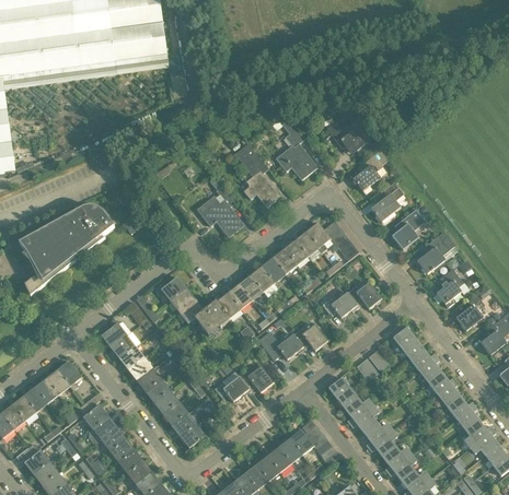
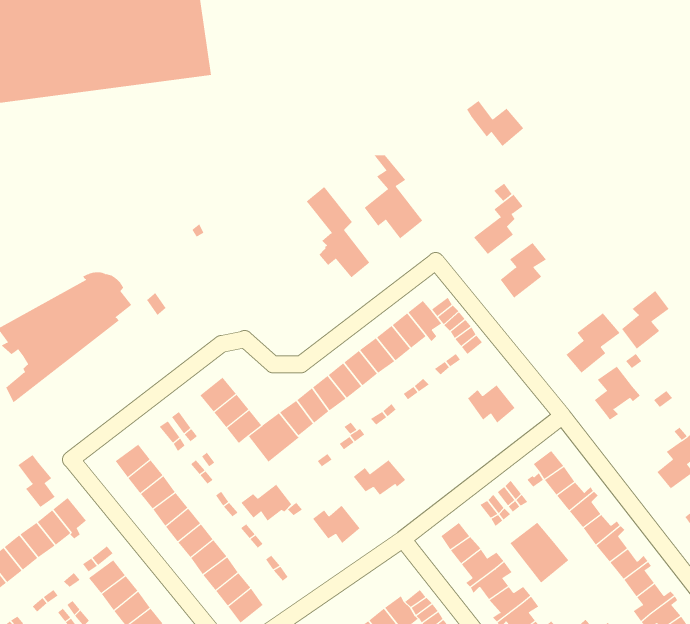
building: [326,121,367,154] -> [466,100,524,147]
building: [196,186,243,236] -> none
building: [391,208,425,249] -> [621,290,670,350]
building: [322,291,358,317] -> none
building: [455,293,484,330] -> none
building: [292,323,327,350] -> none
building: none -> [18,454,56,508]
building: [213,375,250,401] -> [241,484,292,521]
building: none -> [510,522,569,583]

